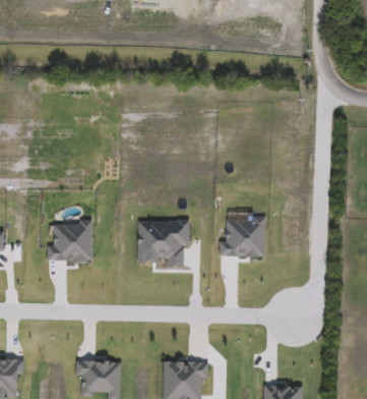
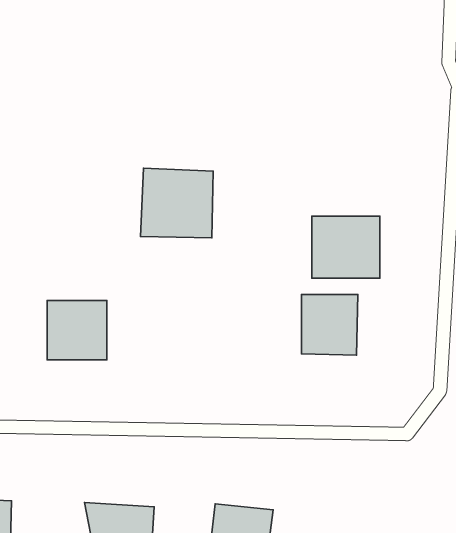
building: none -> [312,216,380,278]
building: [138,220,188,268] -> [140,168,213,238]

